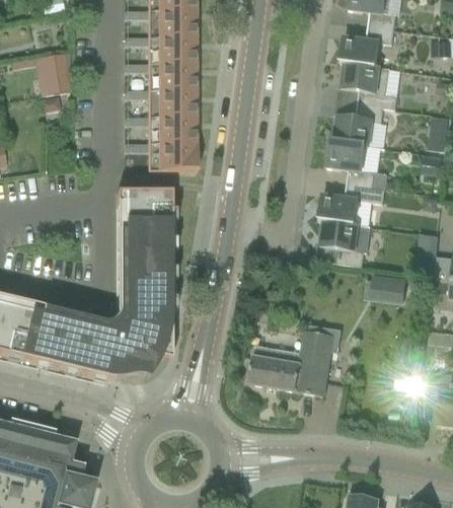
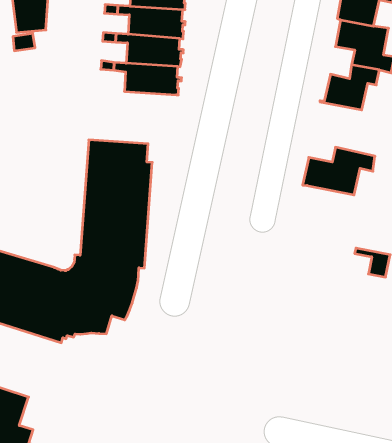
building: [327,141,387,189] -> none
building: [136,143,200,170] -> none
building: [320,220,370,267] -> none
building: [249,323,333,394] -> none

